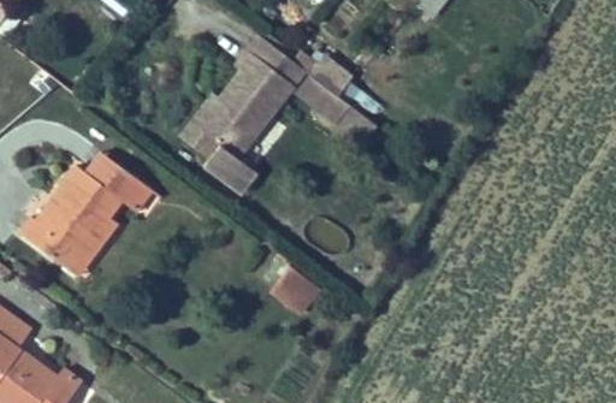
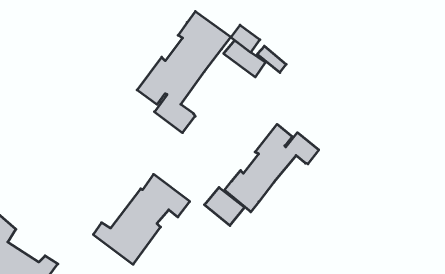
building: [25,158,153,277] -> [93,174,190,264]
building: none -> [225,124,319,212]

